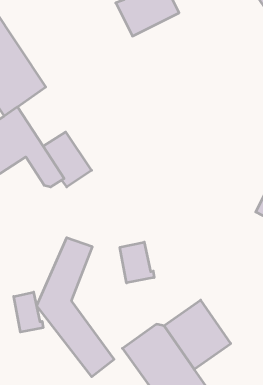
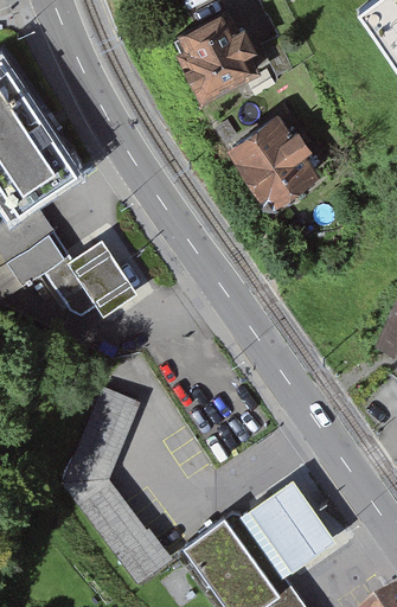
building: none -> [224,107,324,209]
building: [120,242,154,283] -> none
building: [14,292,43,332] -> none

